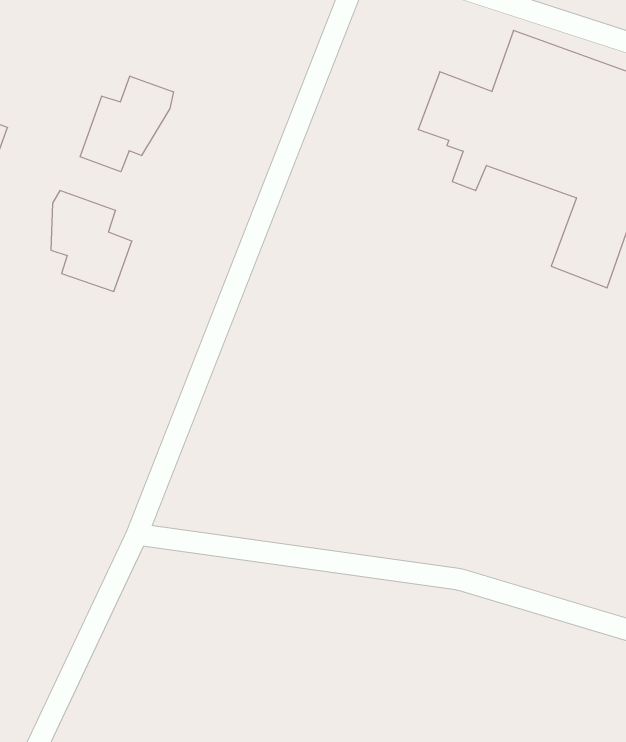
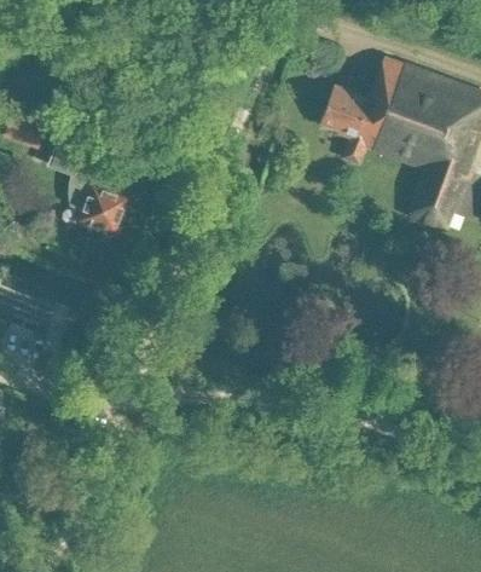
building: [80,76,174,172] -> none

